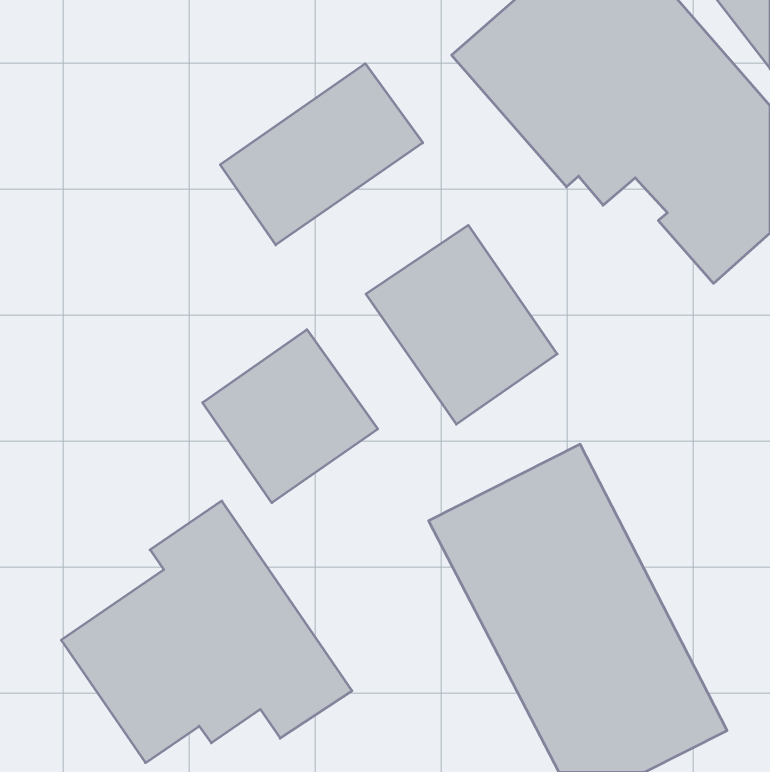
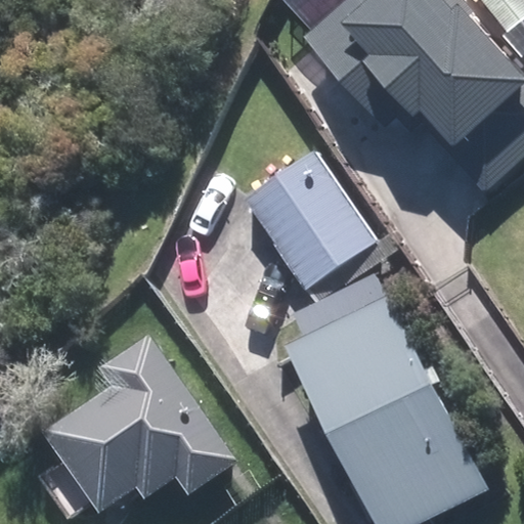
building: [220,64,423,245] -> none
building: [203,330,378,503] -> none

